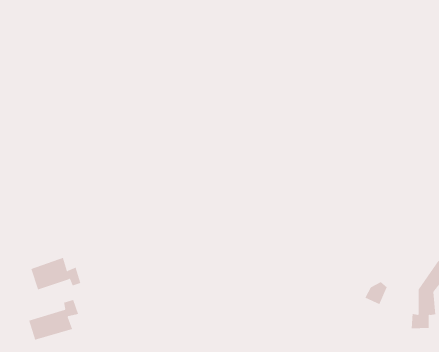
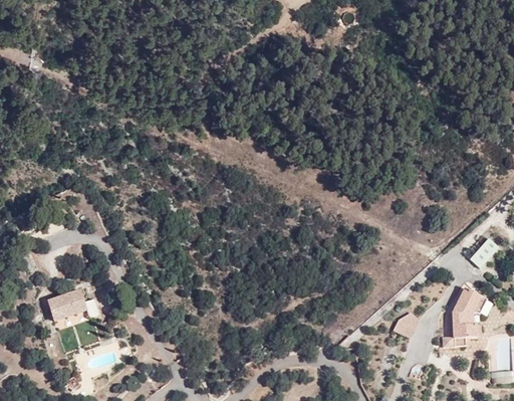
building: [28,299,79,341] -> none

